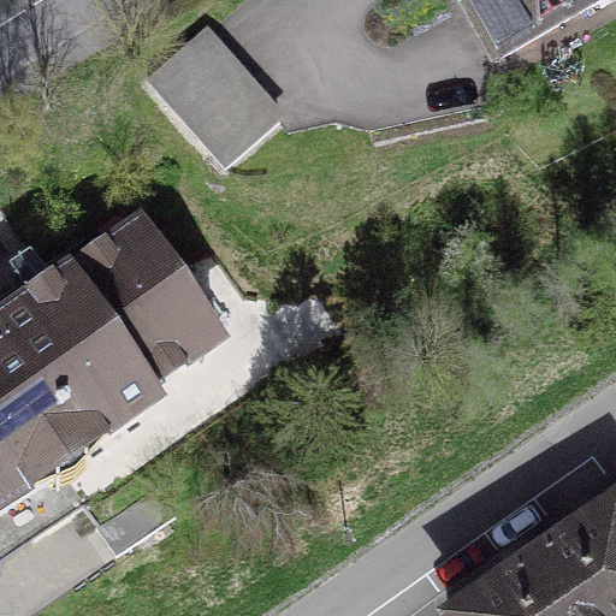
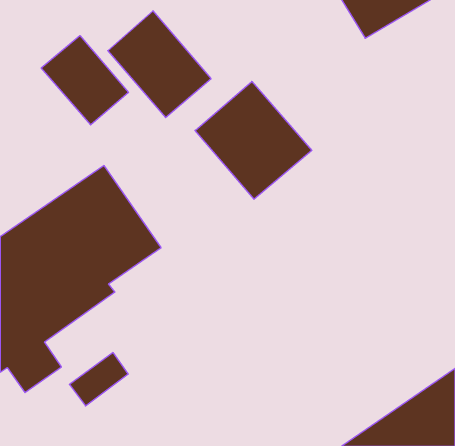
building: none -> [41,36,128,125]
building: none -> [195,81,312,199]

